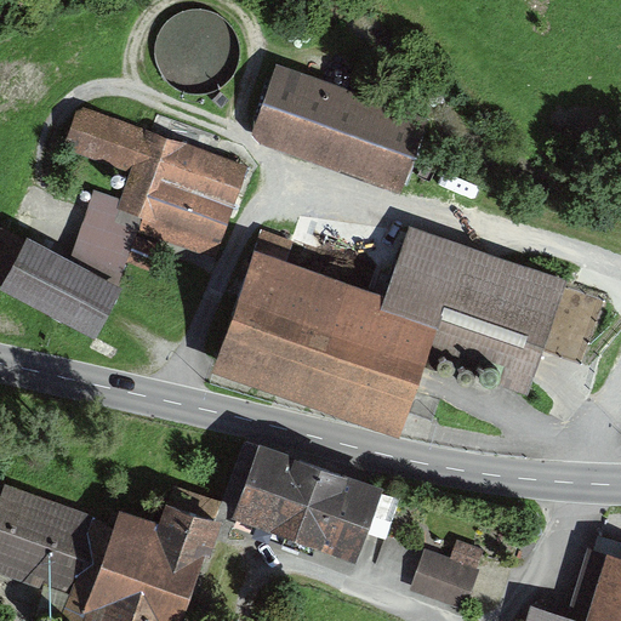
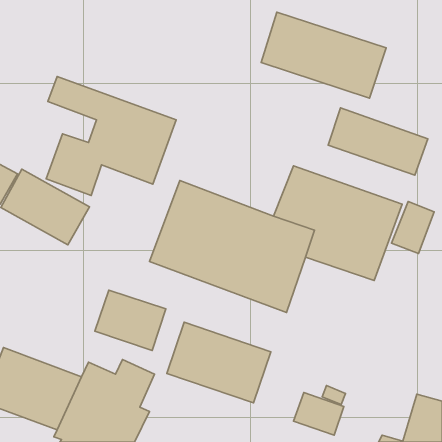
building: [153,7,243,96] -> none
building: [251,69,426,189] -> [261,12,386,98]
building: none -> [328,108,428,175]
building: none -> [95,290,166,351]

